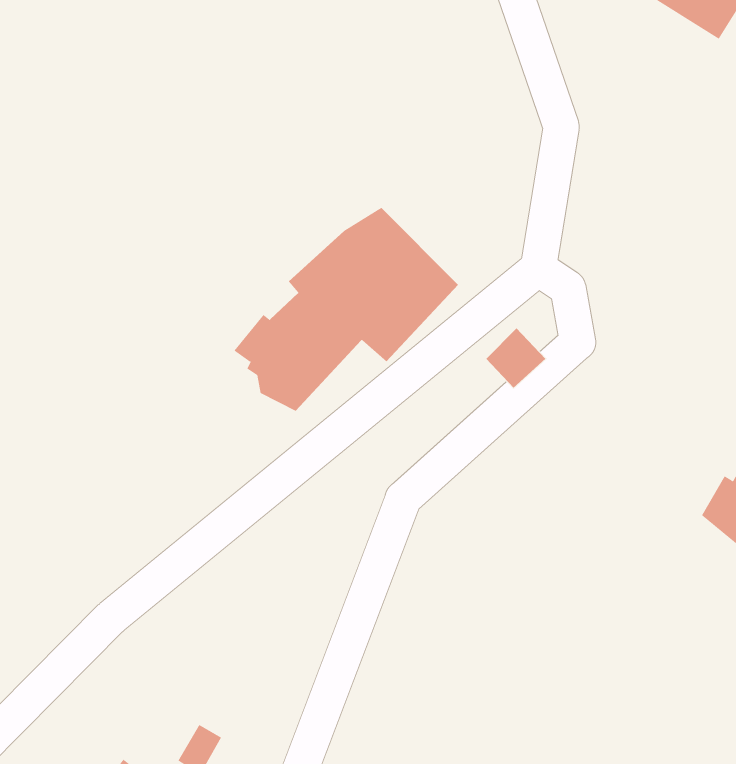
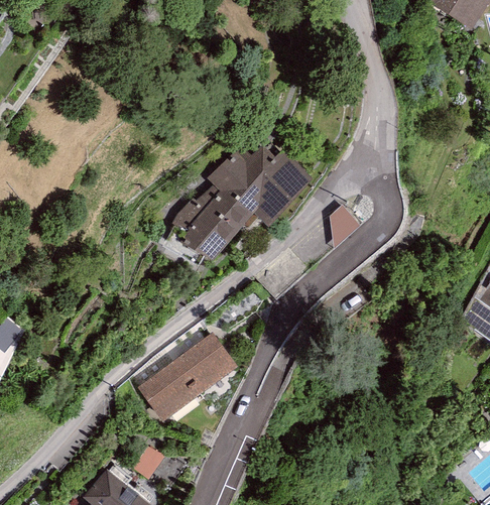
building: none -> [137,333,237,420]

